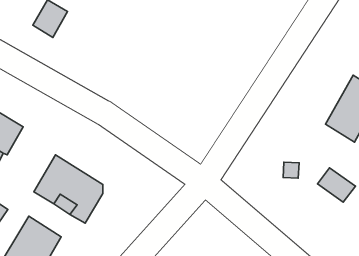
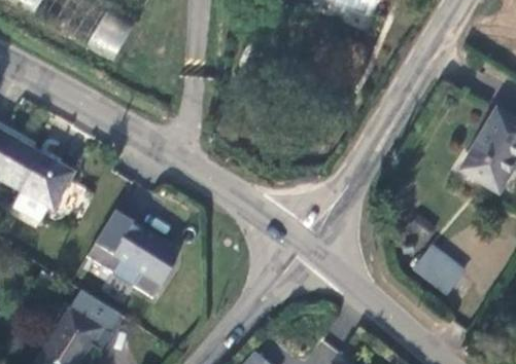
building: [318,168,355,202] -> [415,248,463,292]

